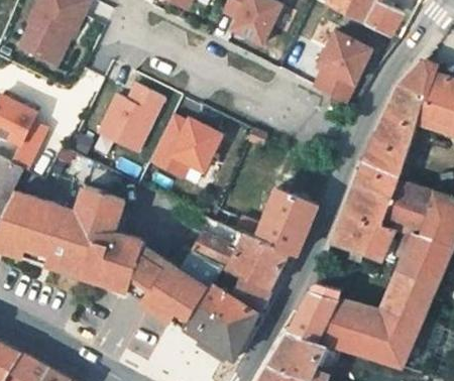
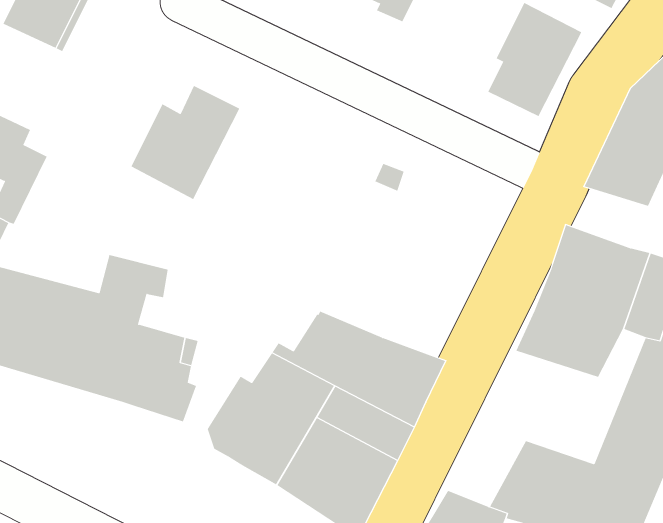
building: [148,118,220,178] -> none
building: [361,145,412,182] -> none
building: [212,190,317,254] -> none
building: [290,289,337,340] -> none

